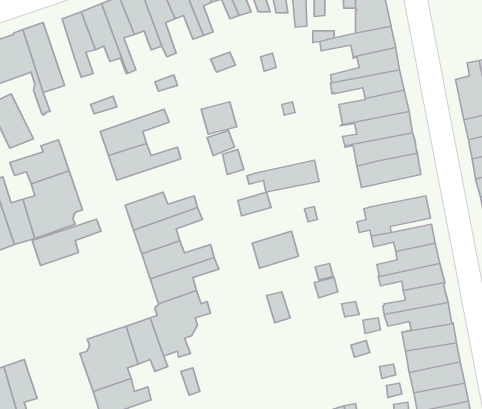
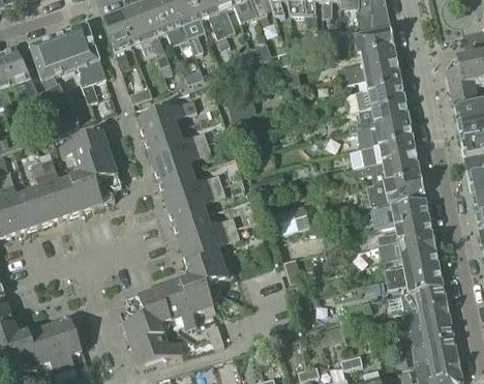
building: [247,160,319,192] -> [357,155,420,183]
building: [32,219,101,266] -> [151,142,211,182]

